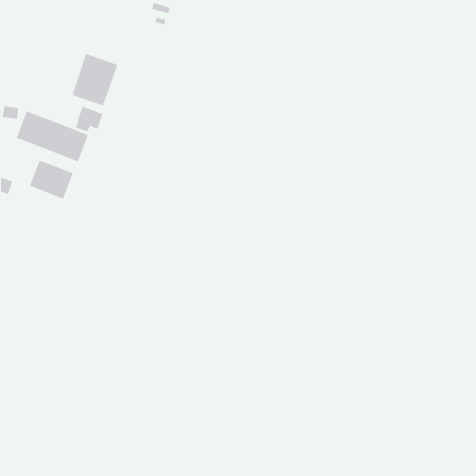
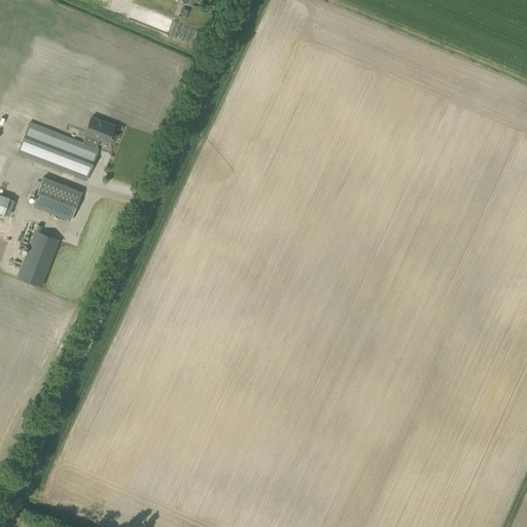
building: [72,53,118,106] -> none
building: none -> [19,231,60,285]

